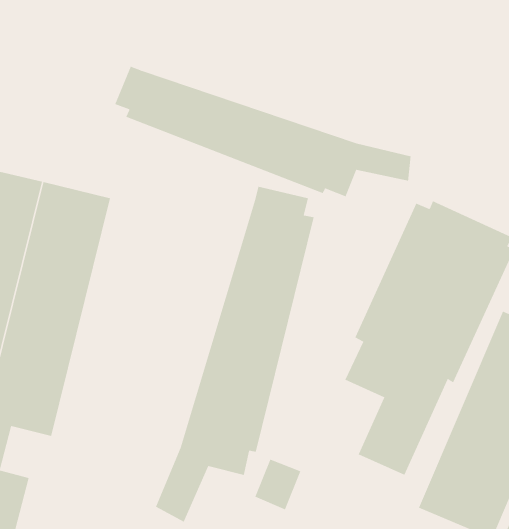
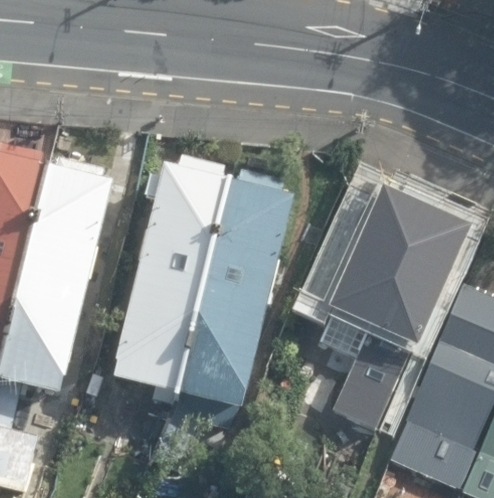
building: [115,66,411,197] -> none
building: none -> [112,151,239,404]

